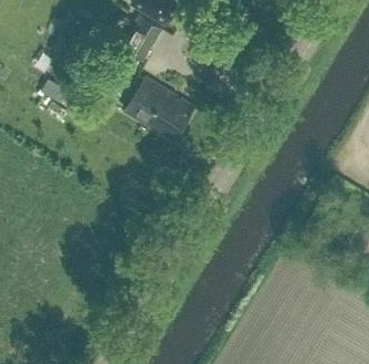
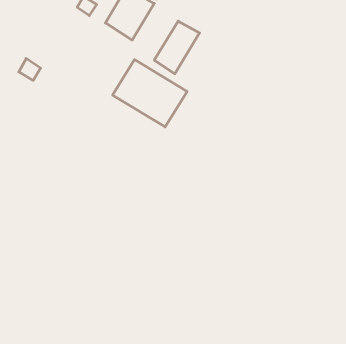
building: none -> [154,21,200,74]

